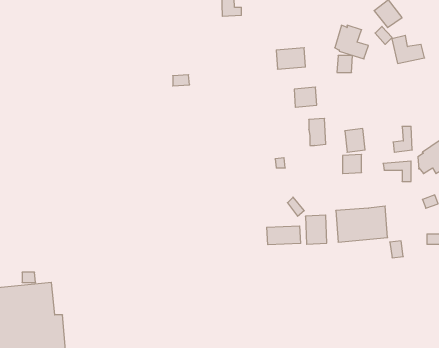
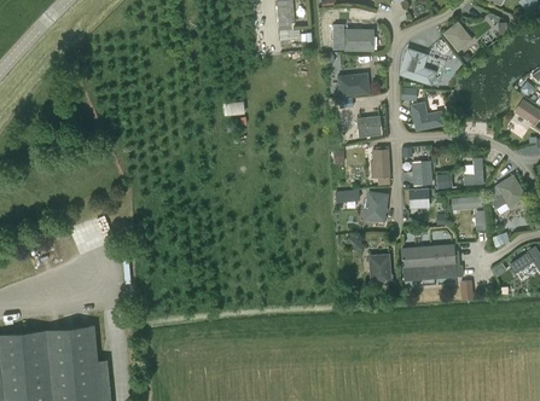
building: none -> [344,28,373,50]
building: [392,35,425,63] -> [410,100,445,130]
building: none -> [364,190,389,222]
building: [267,226,301,245] -> none

